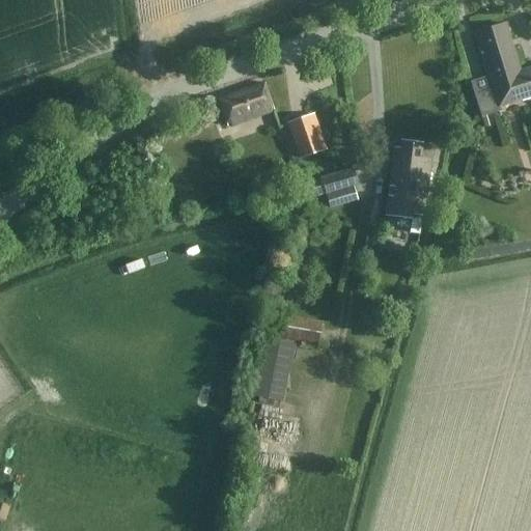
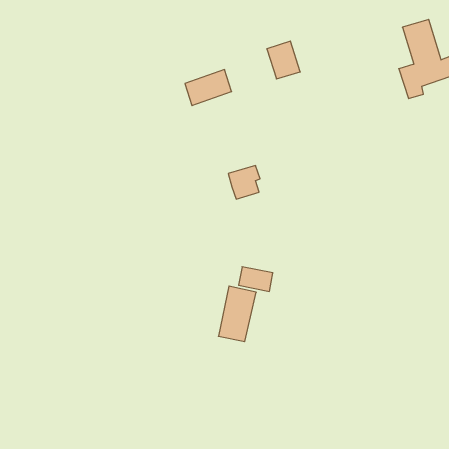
building: [287,112,327,157] -> [267,41,300,79]
building: [387,140,431,215] -> none
building: [322,168,359,207] -> [228,166,260,199]

